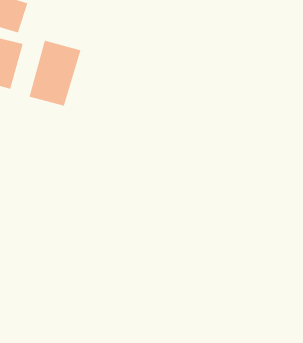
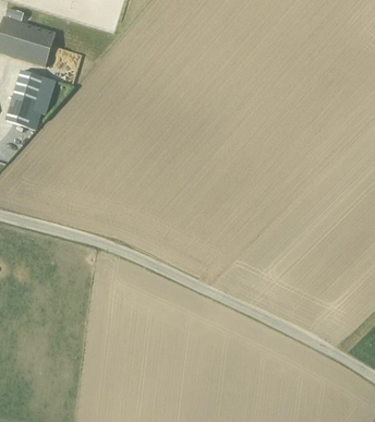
building: [29,40,81,107] -> none

